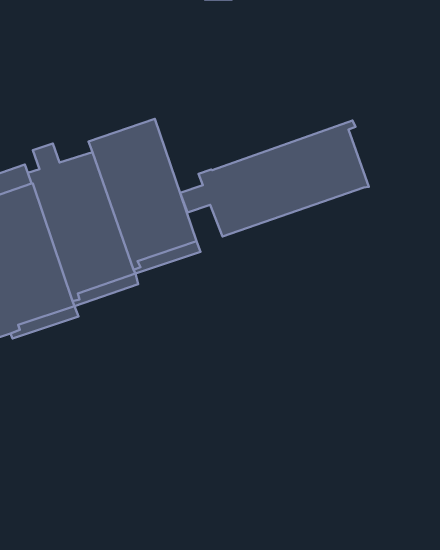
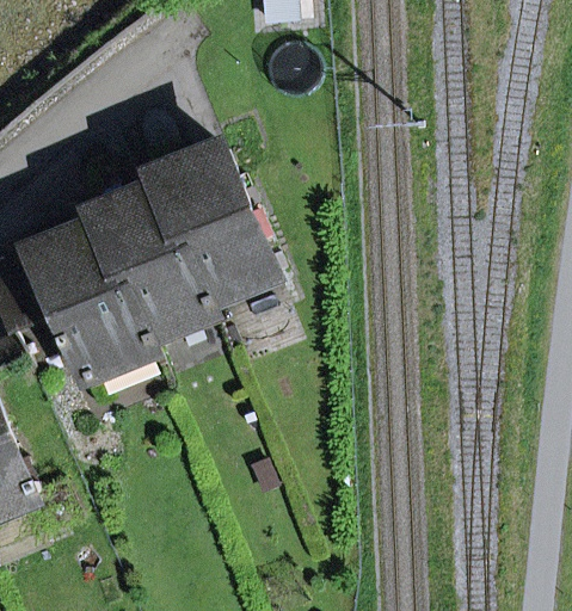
building: [180,120,369,237] -> none

